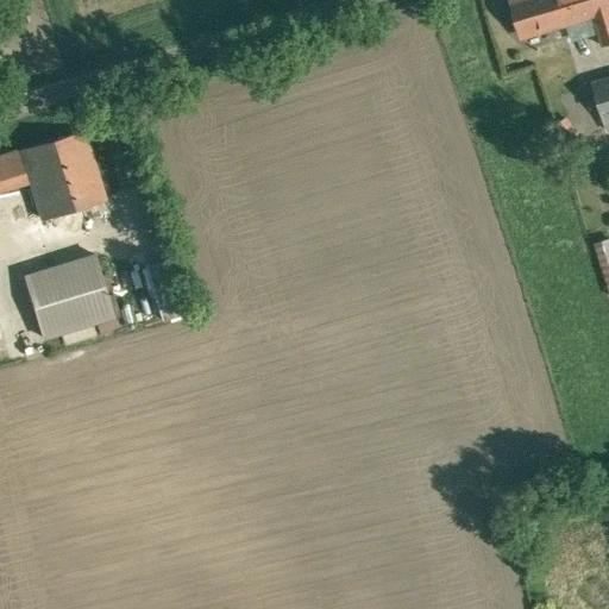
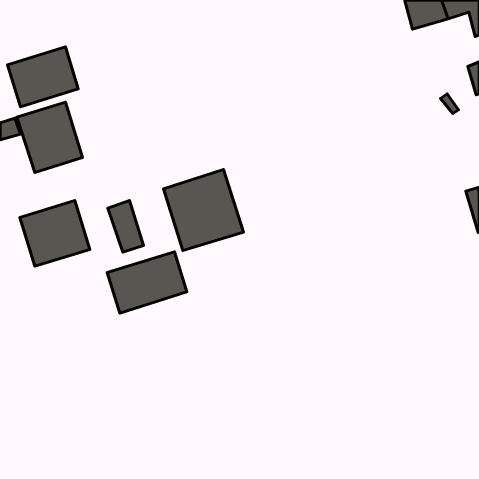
building: none -> [8,47,78,107]
building: none -> [163,169,243,251]
building: none -> [107,252,187,313]

